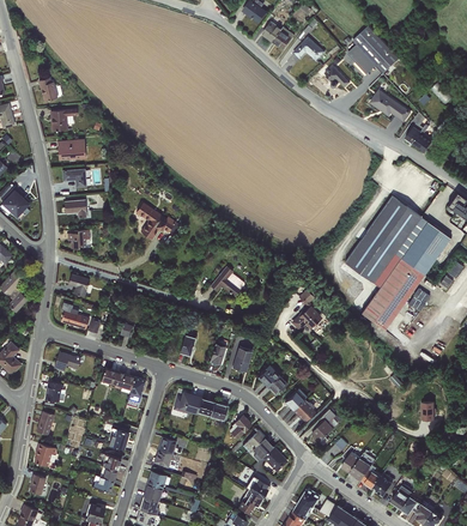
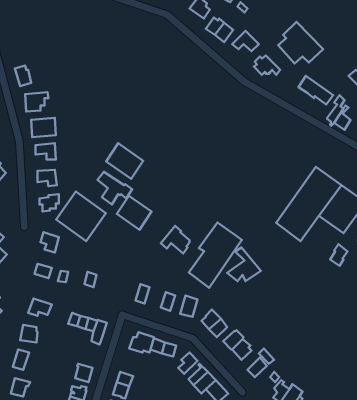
building: none -> [106,143,143,179]
building: none -> [56,192,106,241]
building: none -> [117,196,151,230]
building: [360,254,423,331] -> [189,223,242,288]

